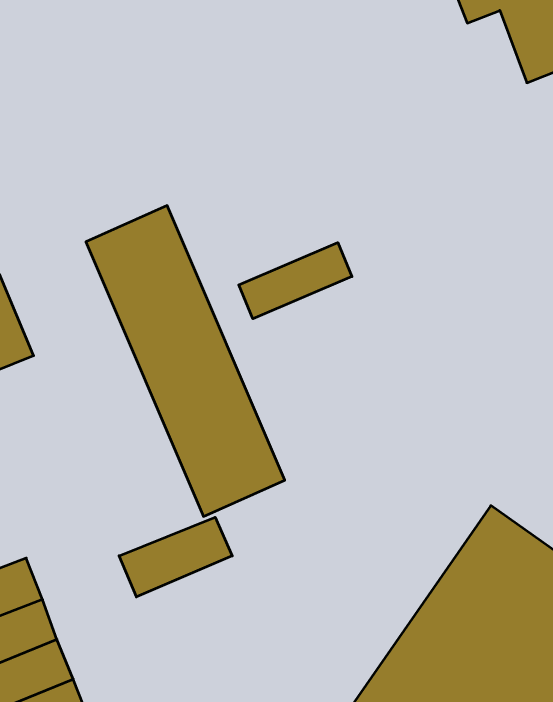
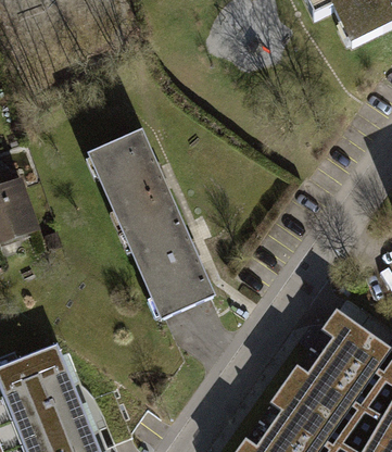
building: [239,243,352,319] -> none
building: [119,517,232,597] -> none

